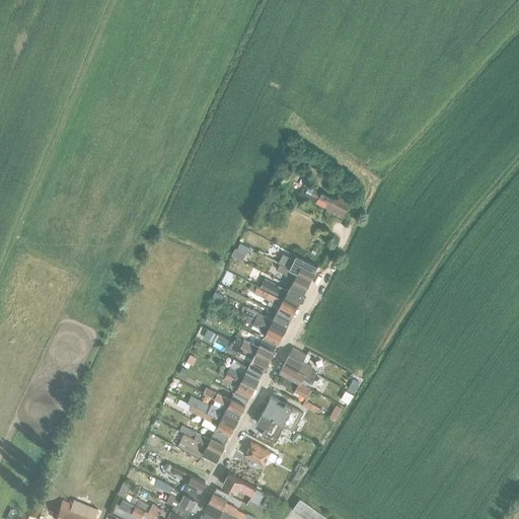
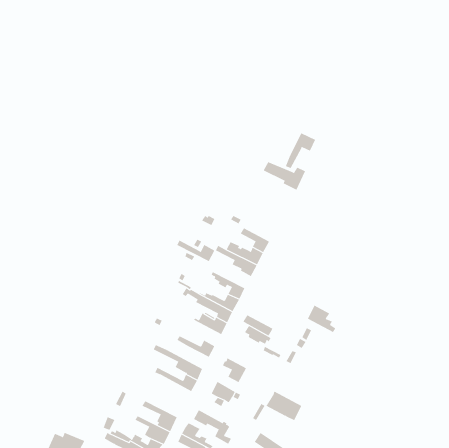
building: none -> [285,132,316,169]
building: [279,254,318,280] -> none
building: [245,308,290,333] -> [177,240,215,262]
building: [285,348,318,380] -> [307,305,336,333]
building: [219,370,255,400] -> none
building: [262,396,304,431] -> [265,391,302,421]
building: [193,399,241,427] -> none
building: [178,434,221,461] -> none

